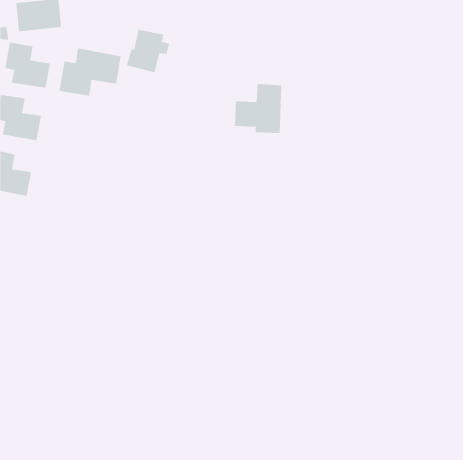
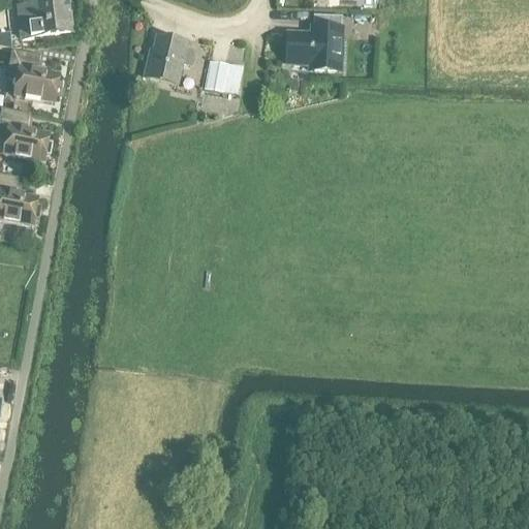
building: [59,48,121,96] -> none
building: none -> [205,60,241,91]
building: [234,84,282,134] -> [286,12,341,69]

